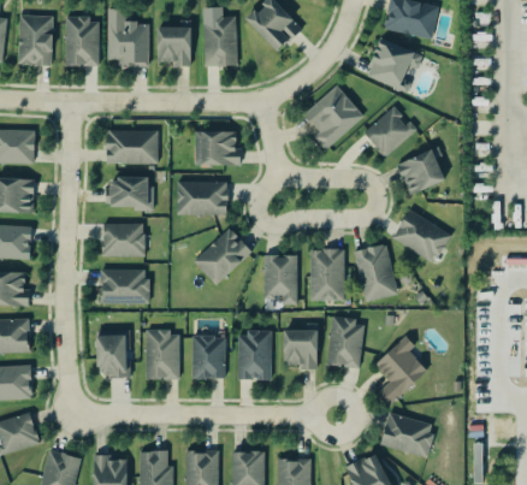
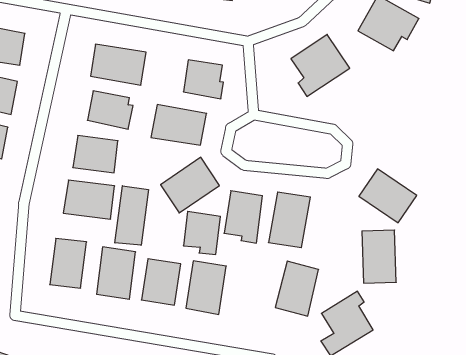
building: [363,106,415,158] -> none
building: [396,149,444,195] -> none
building: [354,243,396,301] -> [362,230,396,283]
building: none -> [115,186,148,245]
building: [283,330,318,369] -> [183,211,220,254]

